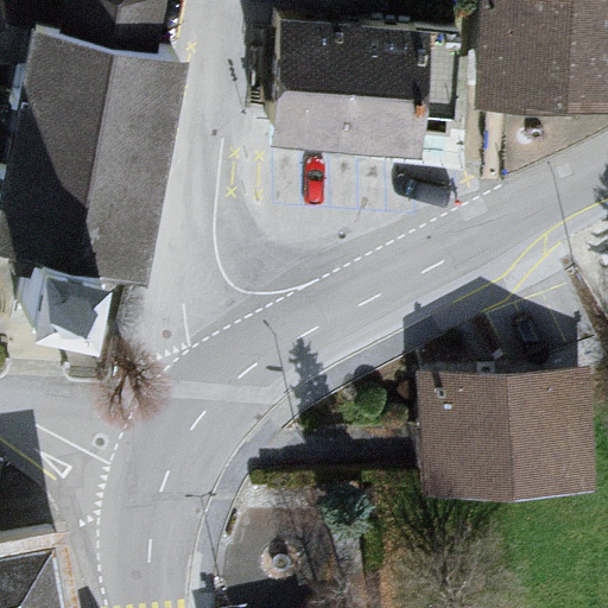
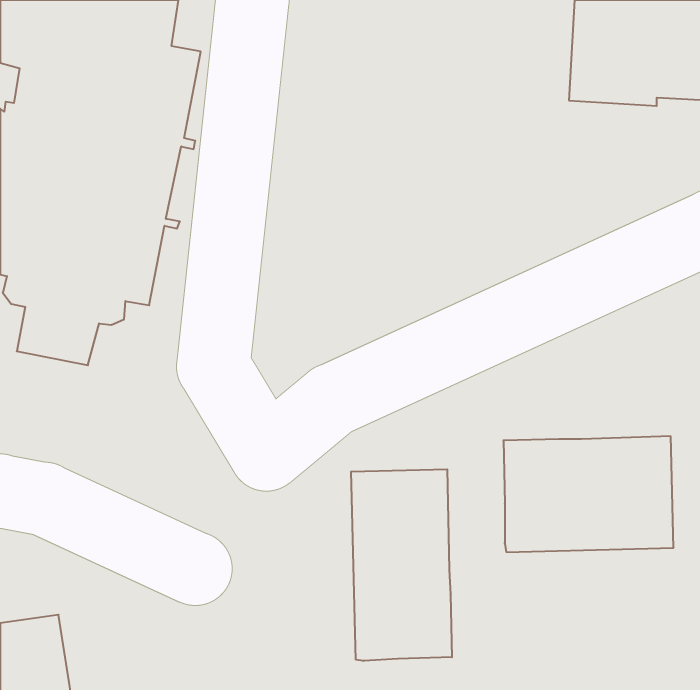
building: [274,25,462,146] -> none
building: none -> [351,469,452,661]

